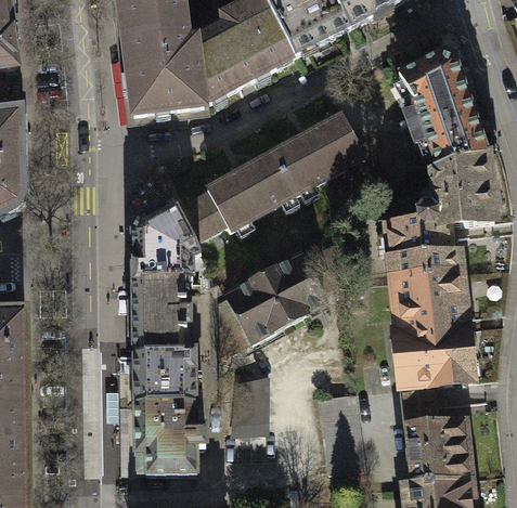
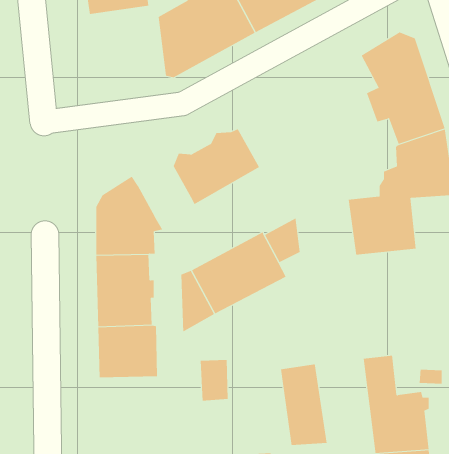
building: [125,29,202,115] -> none
building: [275,116,362,192] -> none
building: [175,191,227,242] -> none
building: [393,274,473,385] -> none
building: [133,403,205,473] -> none

